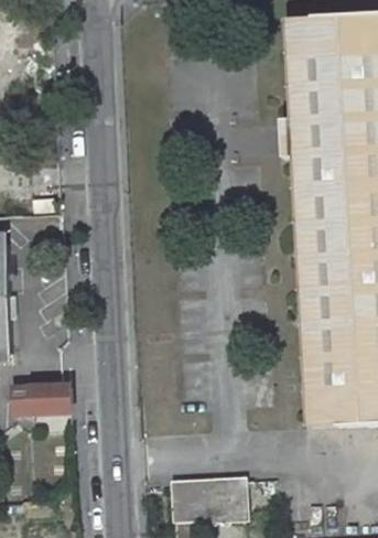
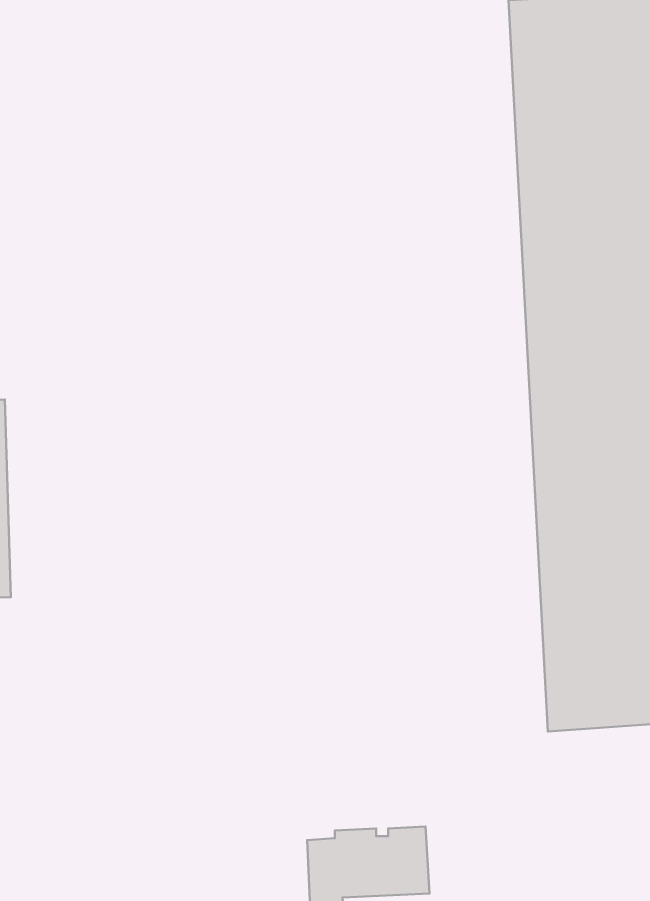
building: [11,385,71,413] -> none

